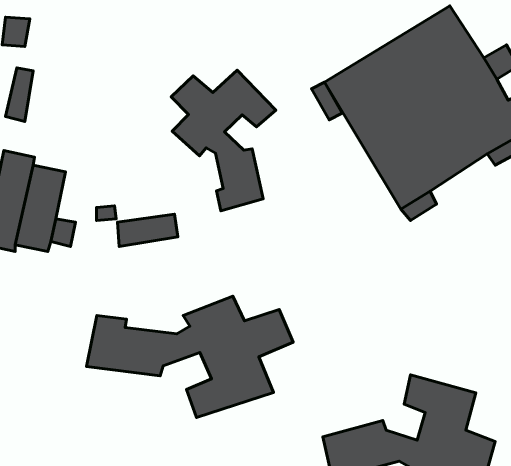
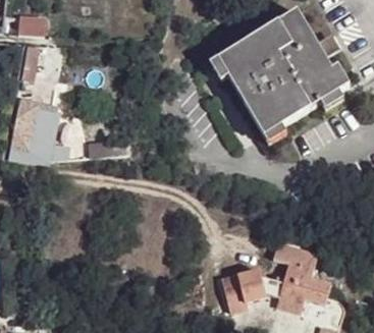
building: [171,70,276,211] -> none
building: [87,296,293,418] -> none

